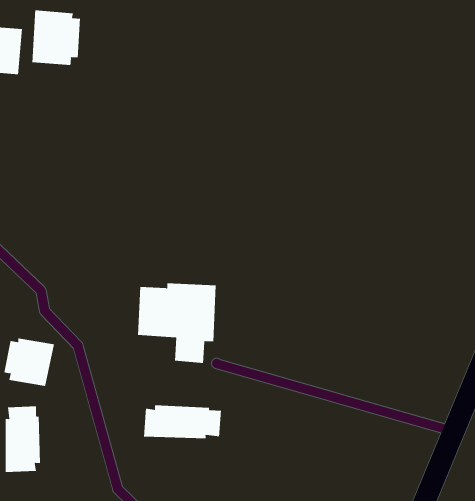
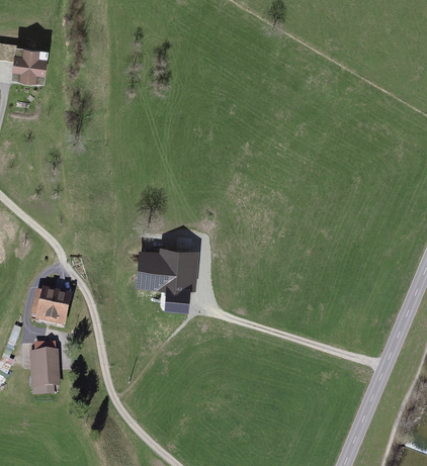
building: [32,10,81,66] -> none
building: [144,404,221,439] -> none

